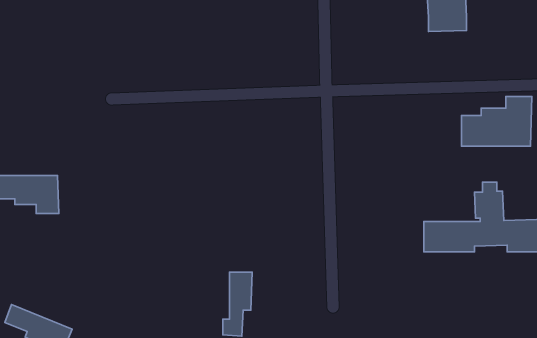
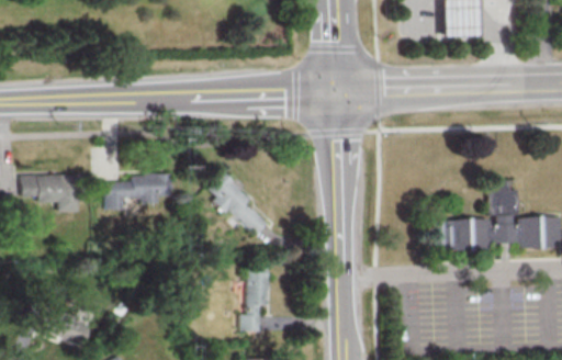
building: [462,96,532,146] -> none
building: none -> [209,172,268,236]
building: none -> [108,175,171,210]

